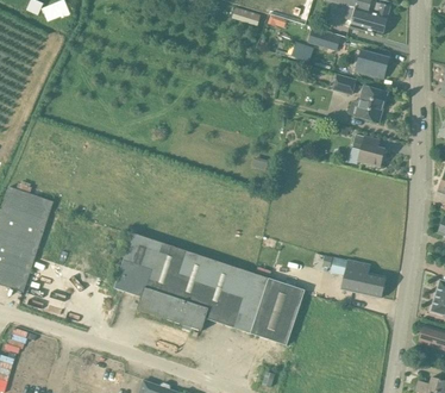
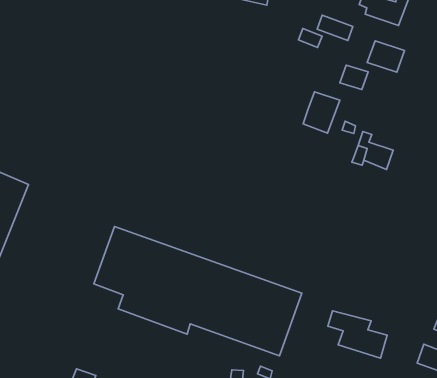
building: [355,86,387,123] -> [303,92,340,133]
building: [330,257,384,298] -> [328,311,387,358]

